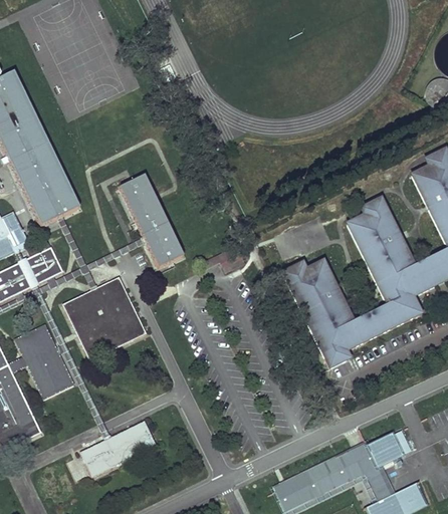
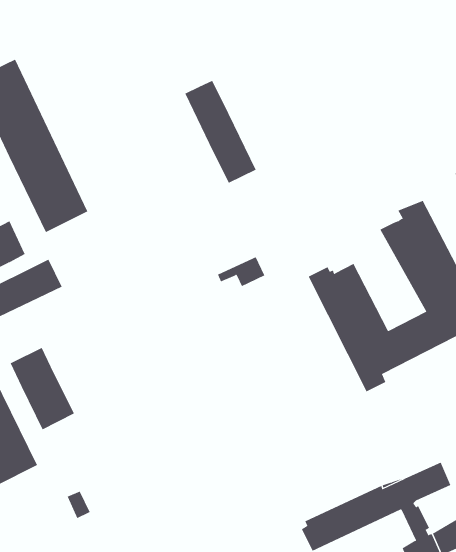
building: [117,178,181,270] -> [185,80,256,183]
building: [59,278,144,362] -> none
building: [77,423,153,478] -> none

